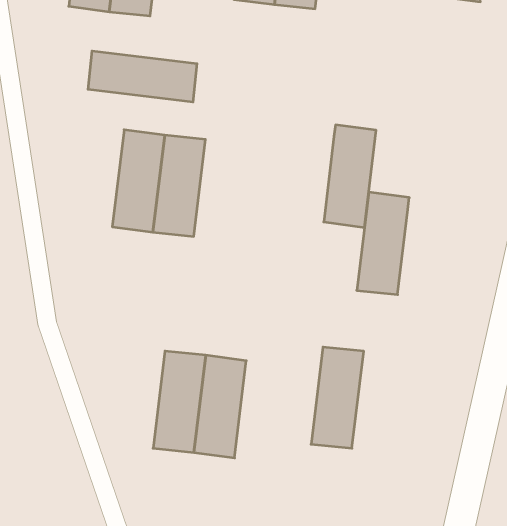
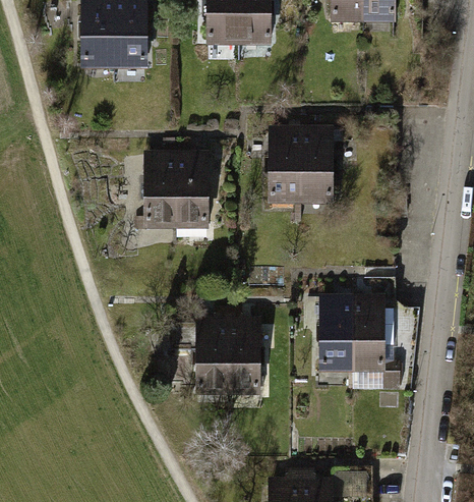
building: [88,51,197,102] -> none
building: [357,192,409,295] -> [270,128,302,205]
building: none -> [346,298,379,374]

